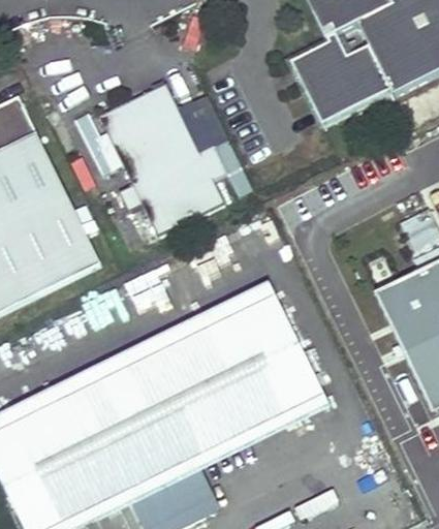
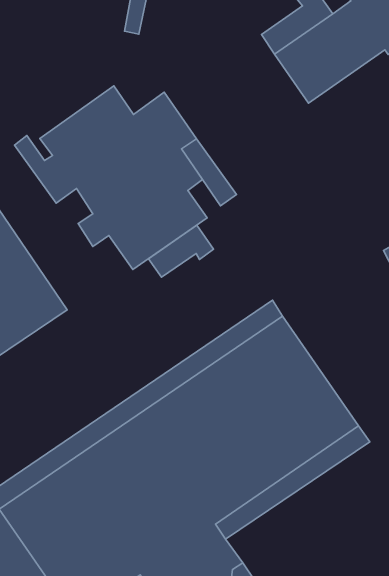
building: none -> [148,225,214,277]

